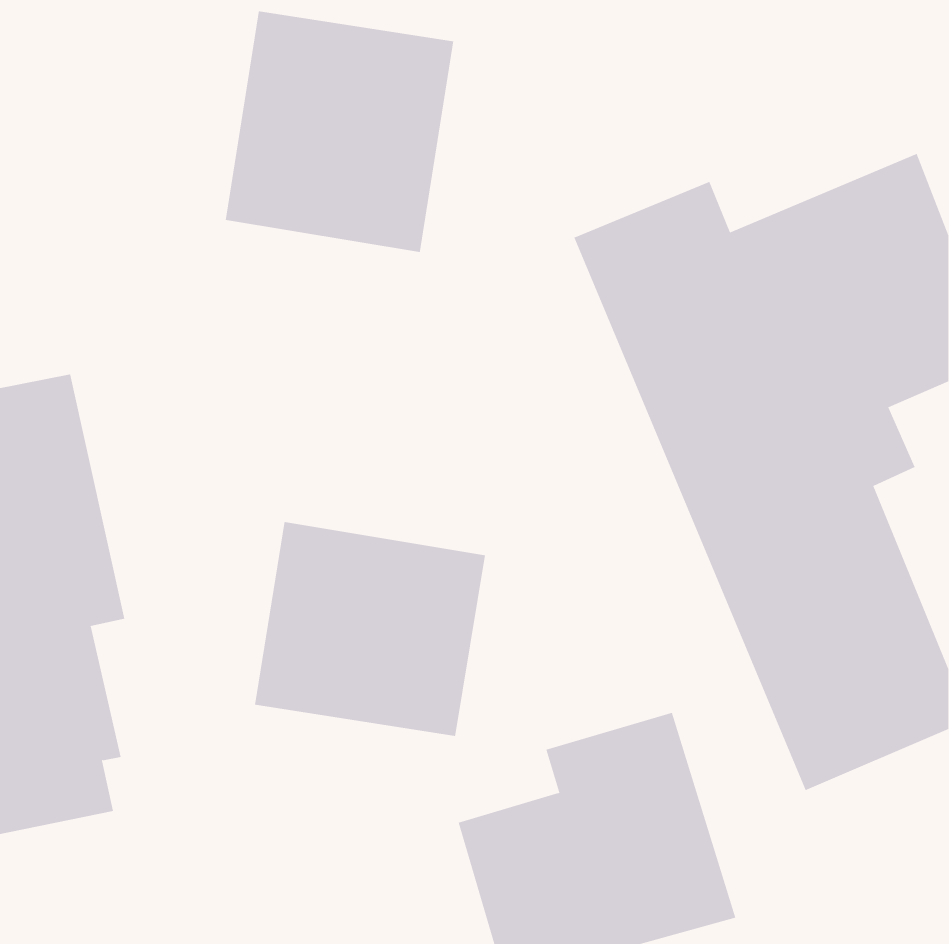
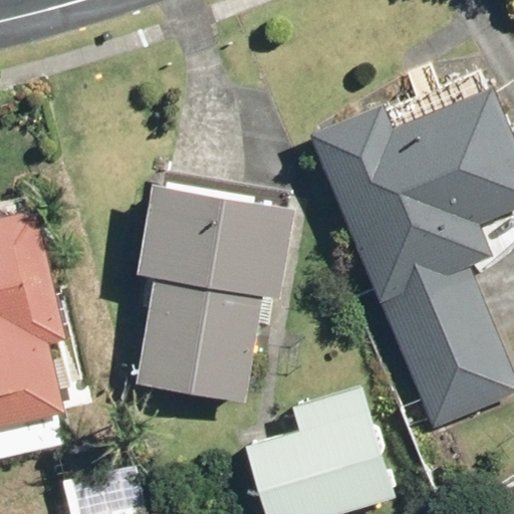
building: [225,11,454,253] -> none
building: none -> [139,183,292,295]

